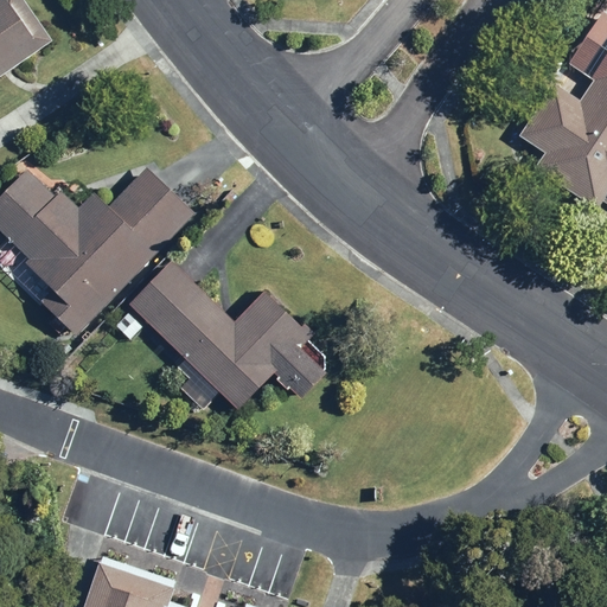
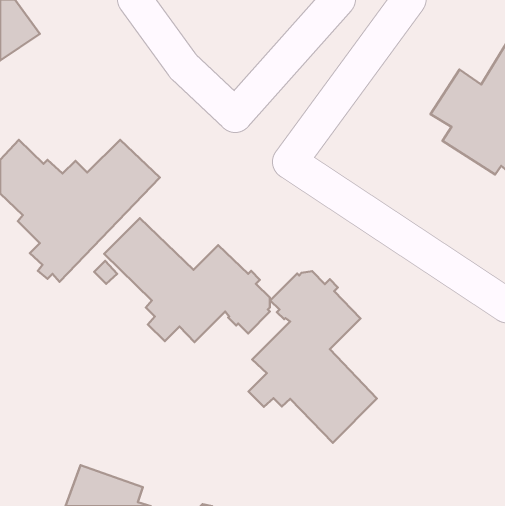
building: none -> [248,271,377,443]

